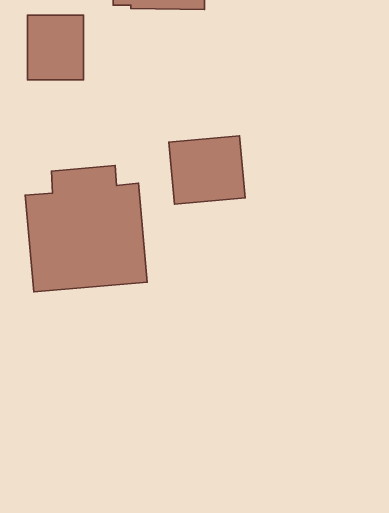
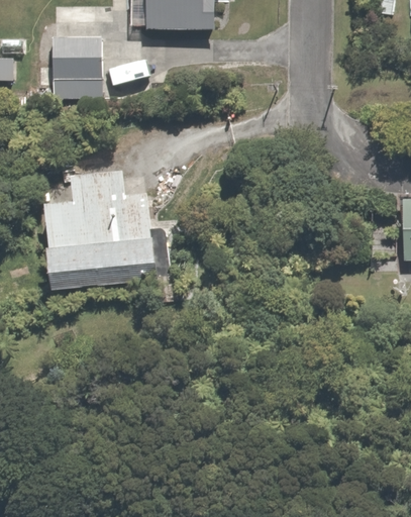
building: [169,136,245,204] -> none

